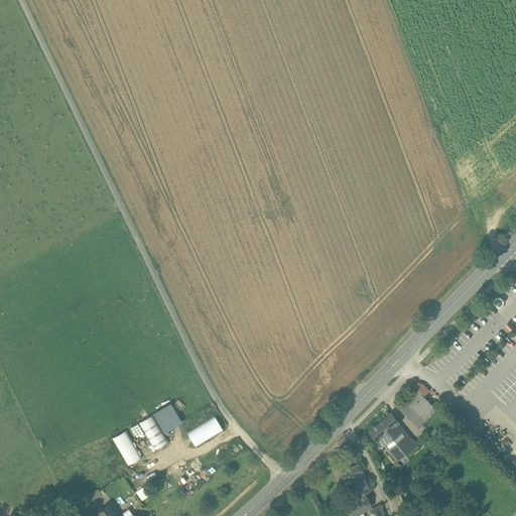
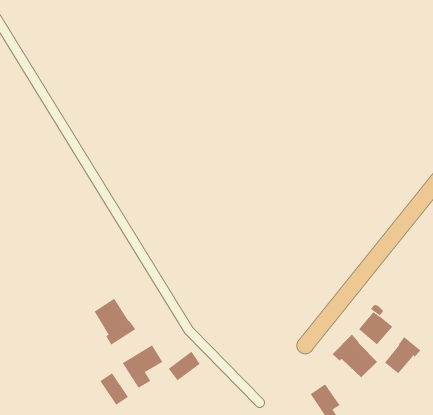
building: none -> [94,298,136,345]
building: none -> [384,336,421,374]

